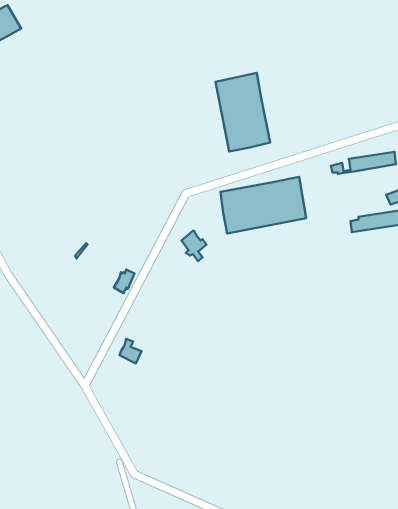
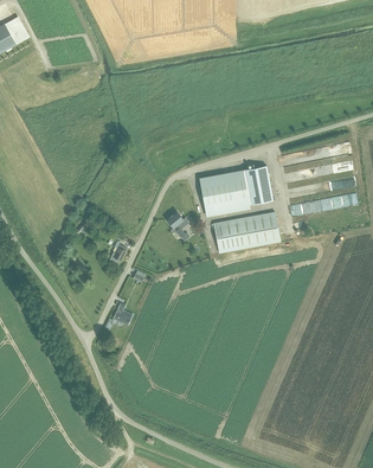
building: [216,73,270,151] -> none
building: none -> [213,212,279,251]

